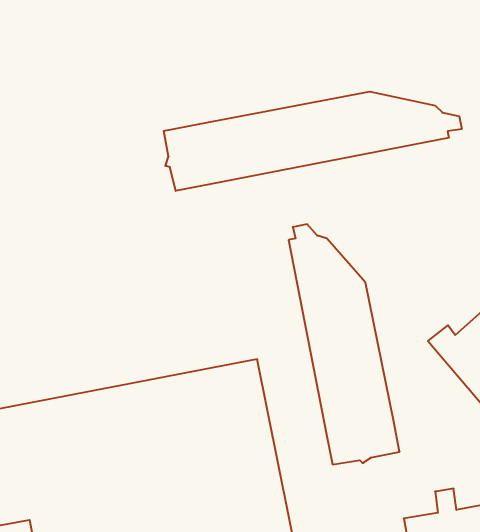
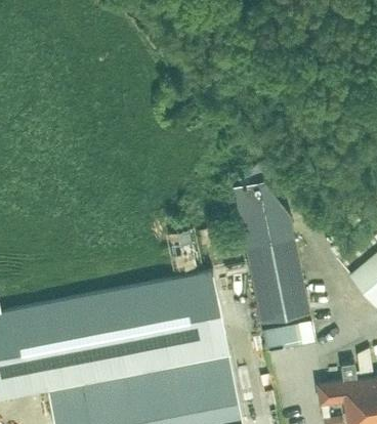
building: [164,92,462,191] -> none

